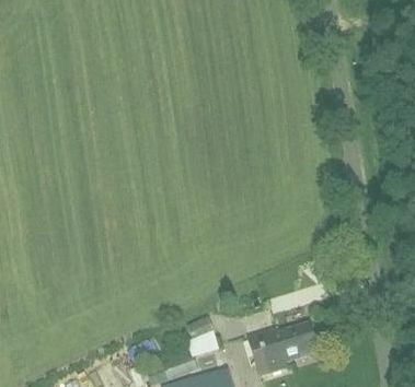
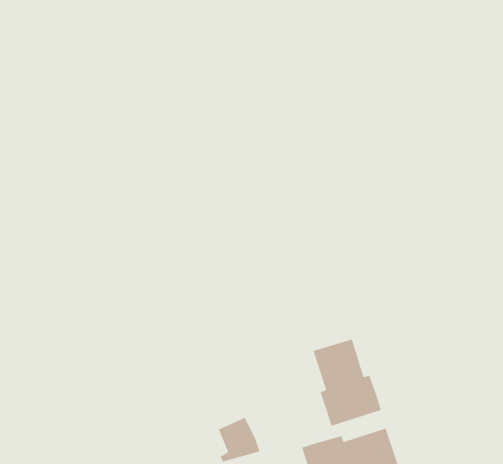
building: none -> [313,339,382,427]

